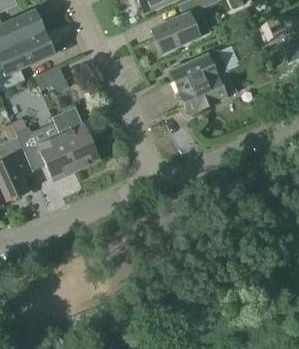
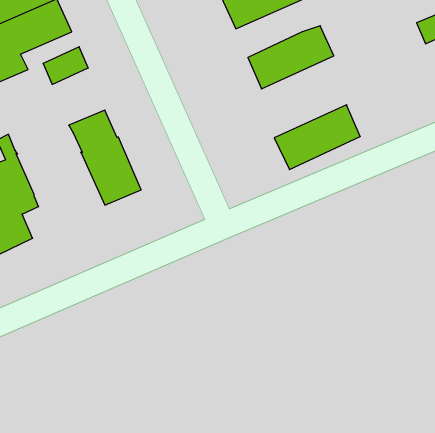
building: [179,70,236,113] -> [274,105,360,170]
building: [15,121,75,180] -> none

